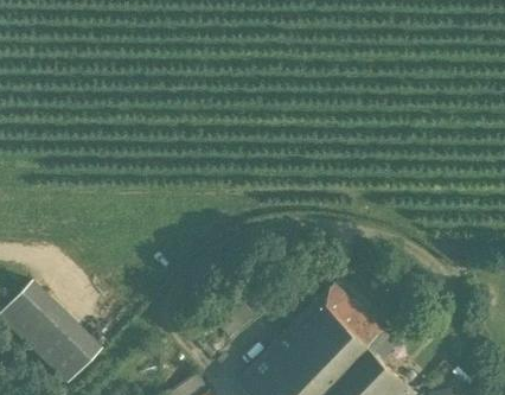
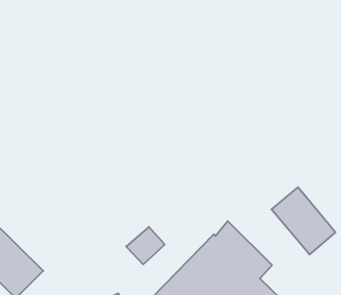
building: none -> [271,187,335,255]

